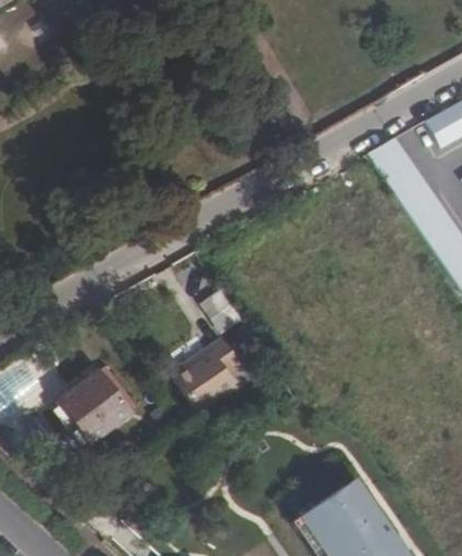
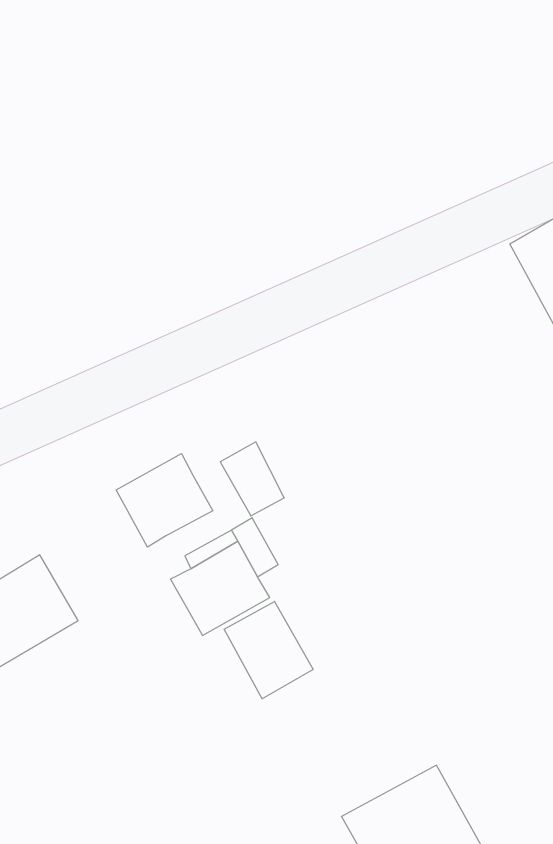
building: none -> [116,454,213,547]
building: none -> [224,601,313,699]

